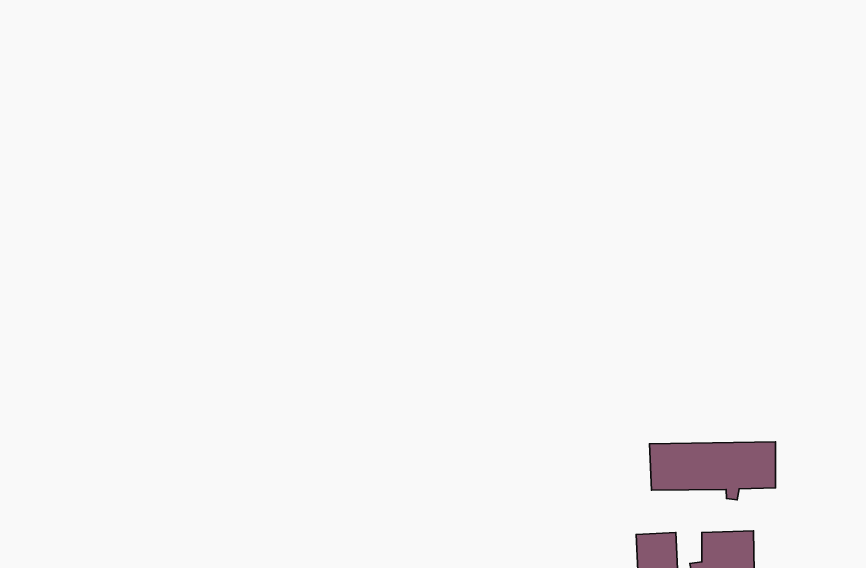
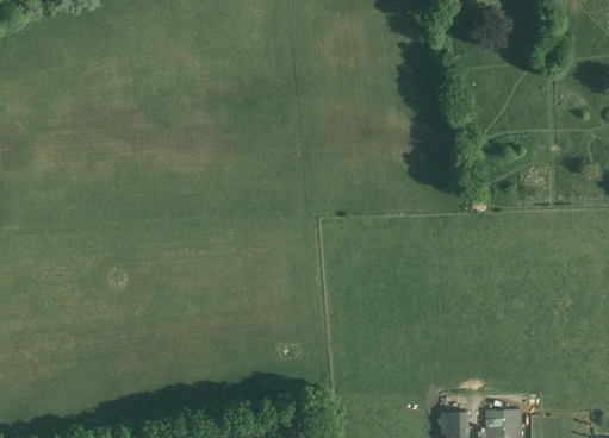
building: [650,442,776,500] -> none

